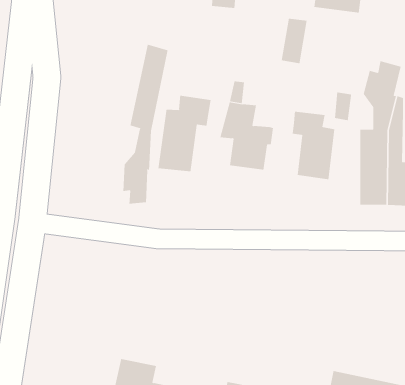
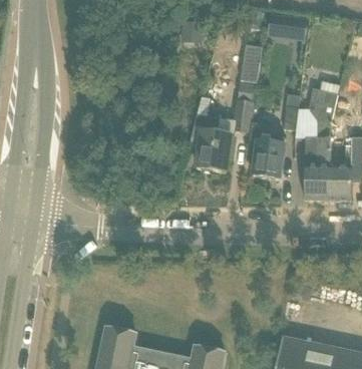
building: [123,44,168,205] -> none
building: none -> [233,98,254,131]
building: [158,95,211,172] -> none

